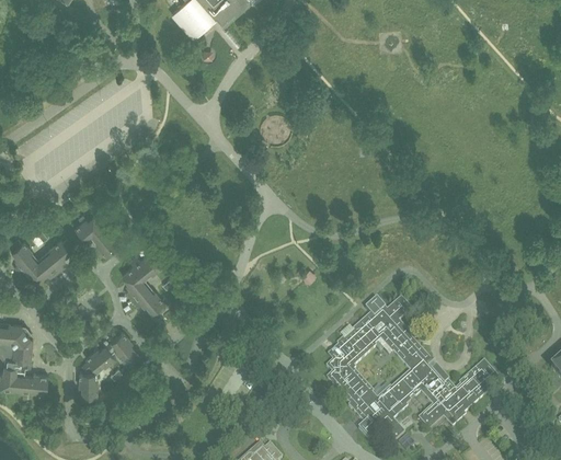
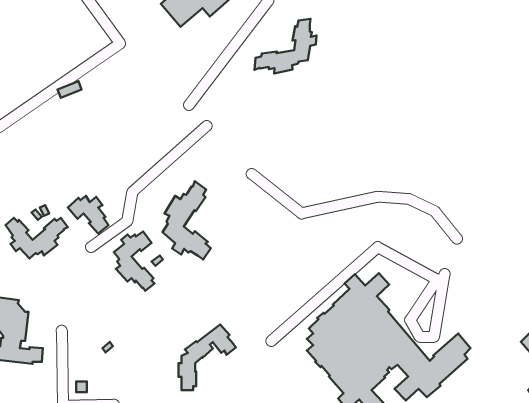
building: none -> [254,19,316,73]
building: none -> [162,181,211,259]
building: [79,333,139,402] -> [178,325,236,390]

